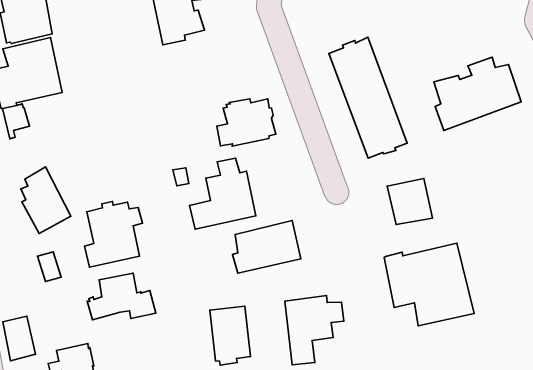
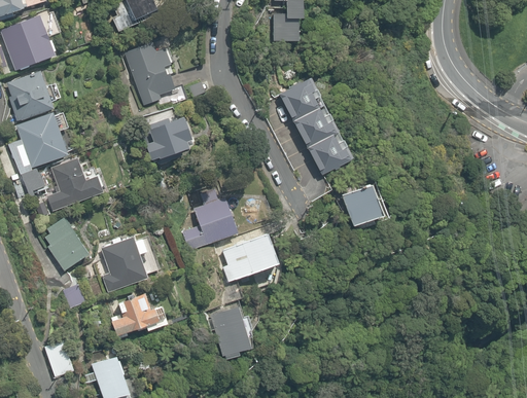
building: [434,57,521,130] -> none
building: none -> [47,157,103,211]
building: [217,99,276,146] -> [145,116,194,159]
building: [384,243,474,326] -> none
building: [285,296,344,365] -> none

